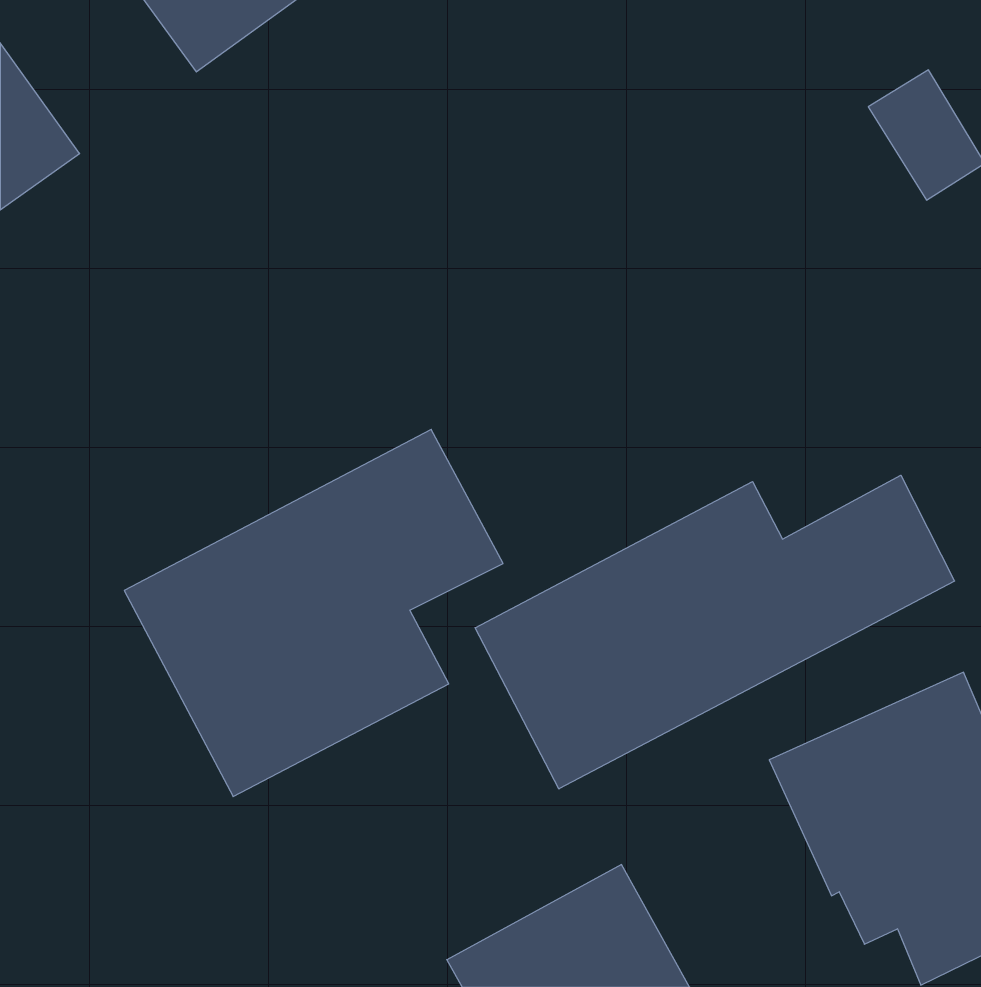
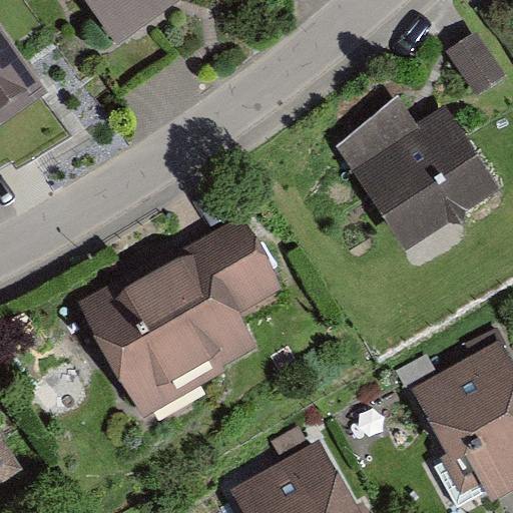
building: none -> [346,101,506,259]
building: [475,475,955,789] -> none

